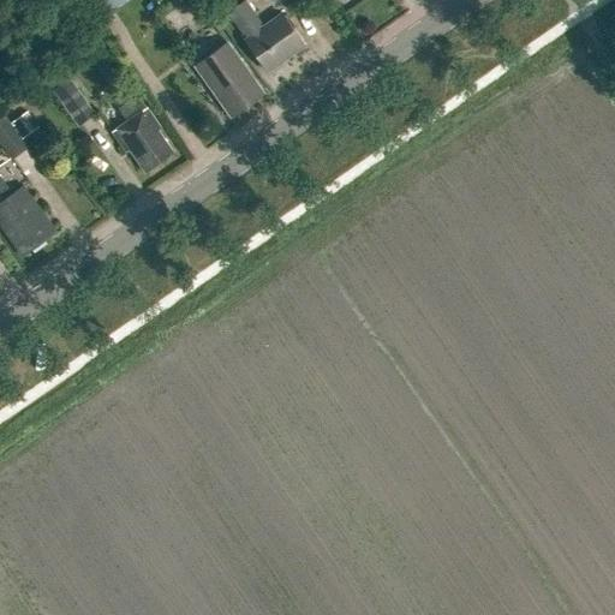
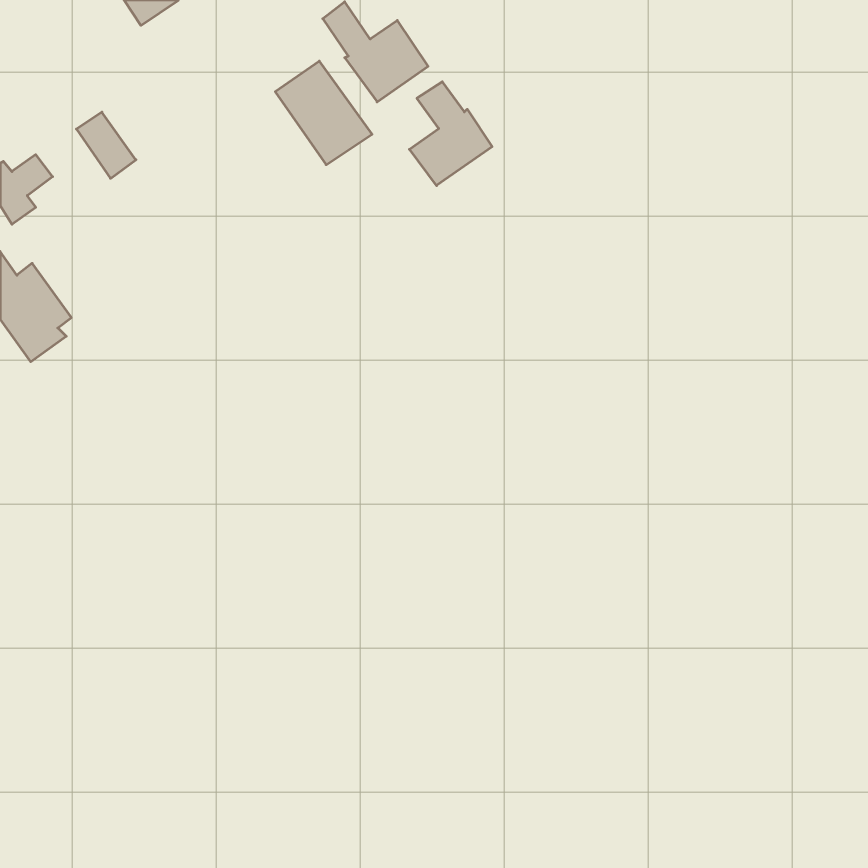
building: none -> [409,82,492,186]
building: [112,96,172,172] -> none

